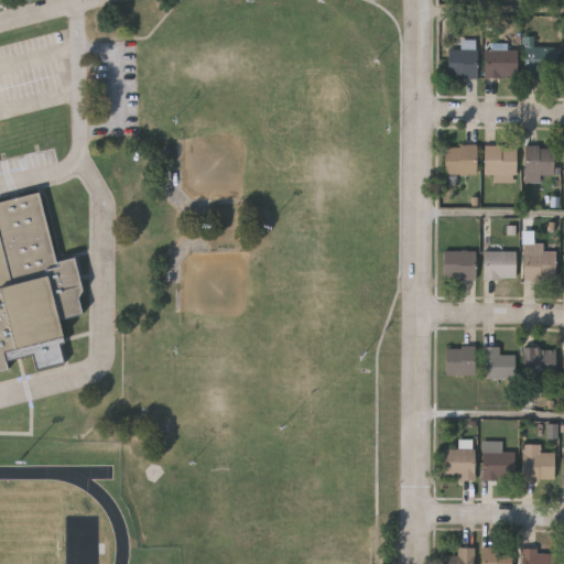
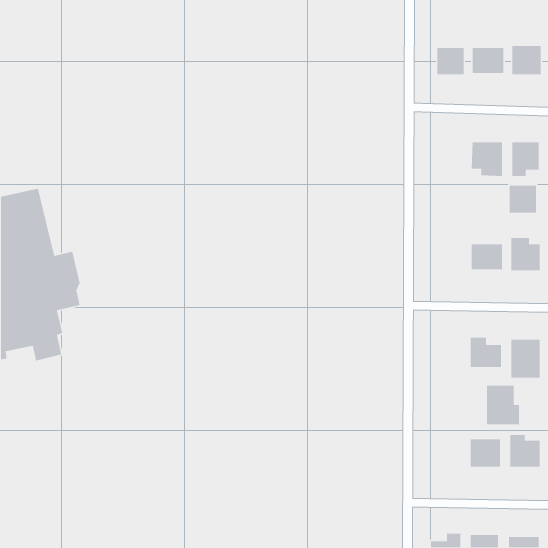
building: [445,144,477,173] -> none
building: none -> [509,185,537,214]
building: [444,250,476,280] -> none
building: [446,346,475,373] -> none
building: none -> [486,385,520,425]
building: [443,448,475,478] -> none

